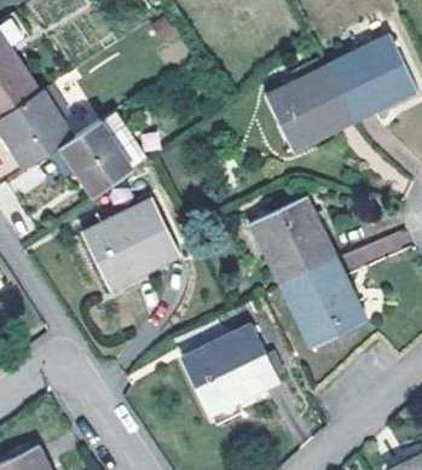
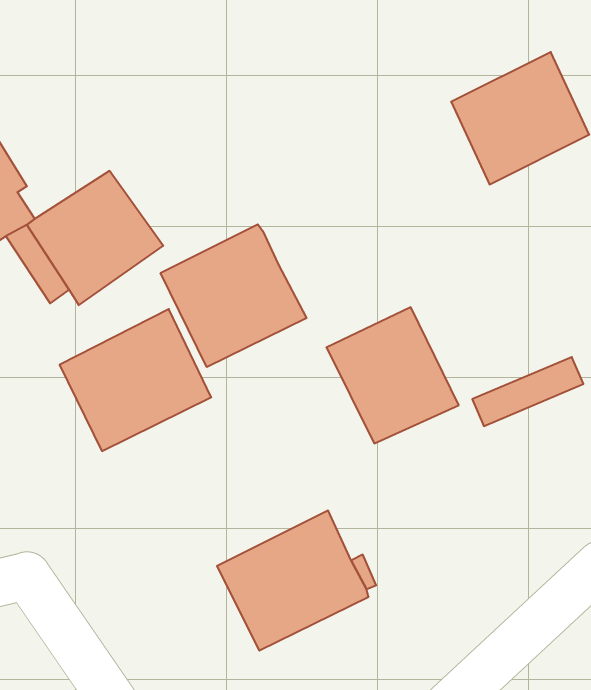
building: [267,66,354,149] -> none
building: none -> [161,224,306,367]
building: [282,257,365,346] -> none

